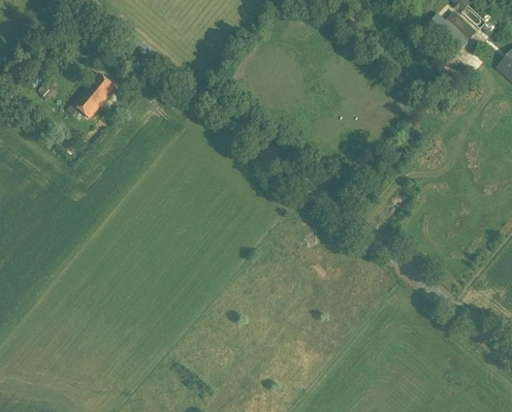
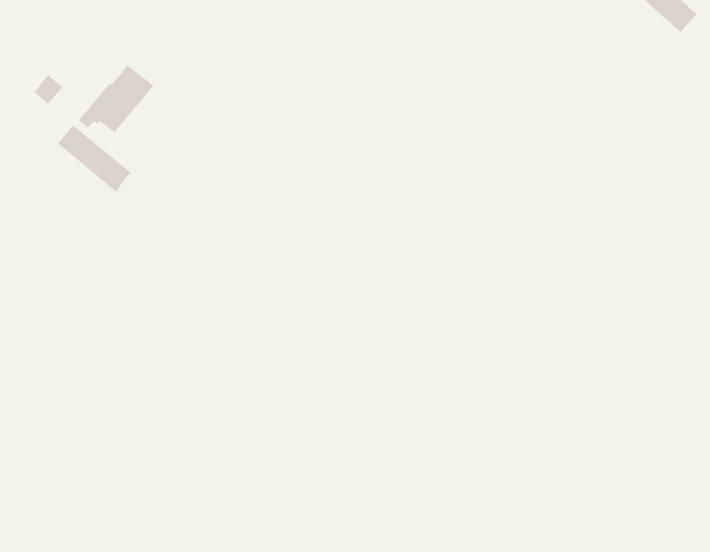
building: none -> [57,124,132,193]

